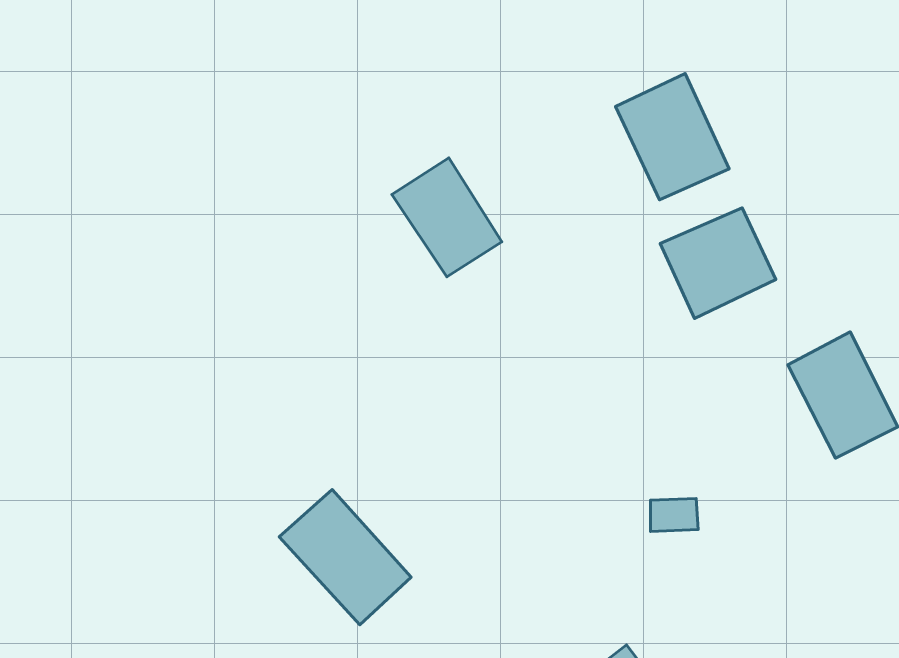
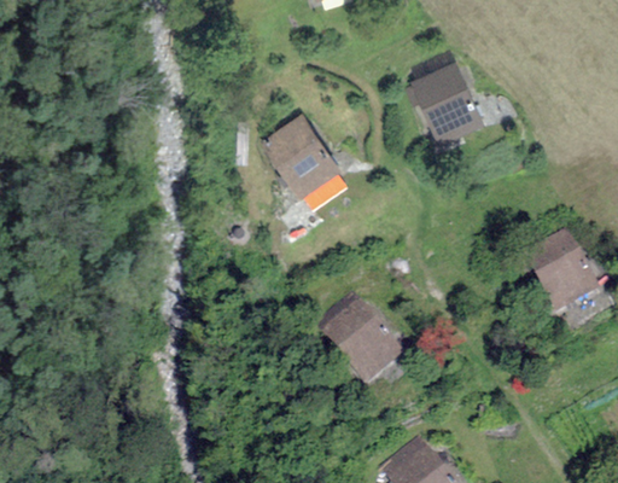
building: [660,208,776,318] -> none
building: [279,489,411,625] -> [315,292,402,382]

